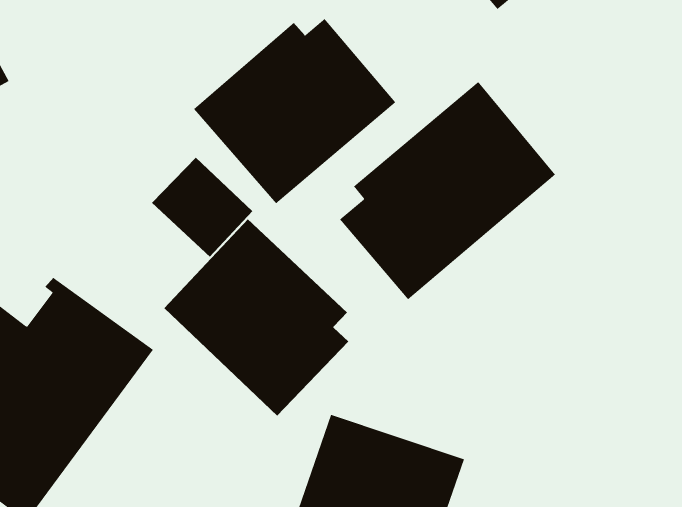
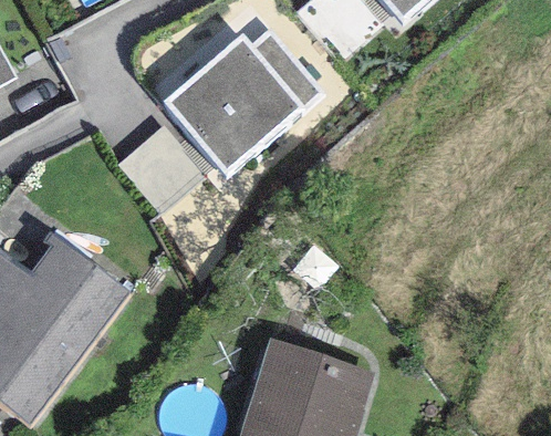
building: [339,81,556,300] -> none
building: [163,218,349,416] -> none

